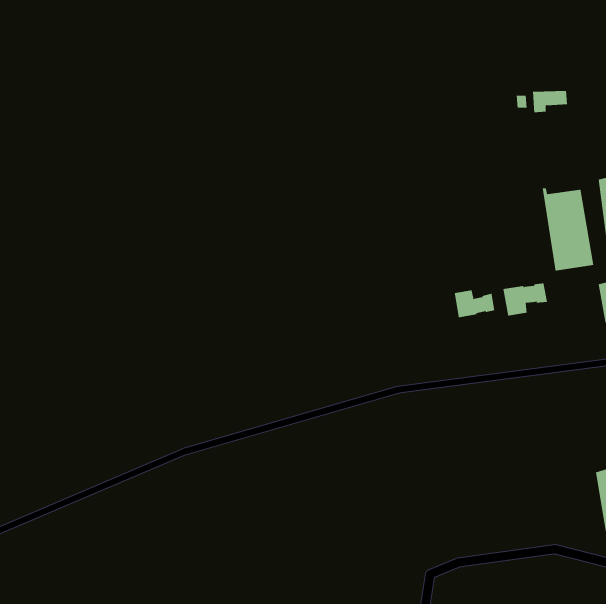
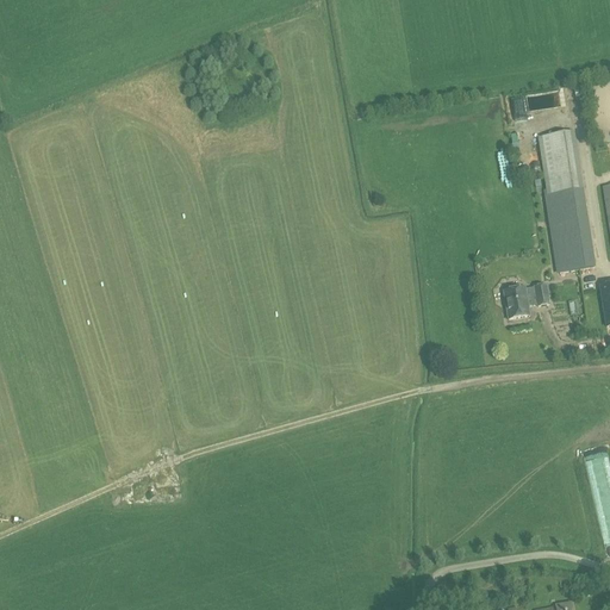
building: none -> [541,131,584,194]
building: [454,290,495,318] -> none

